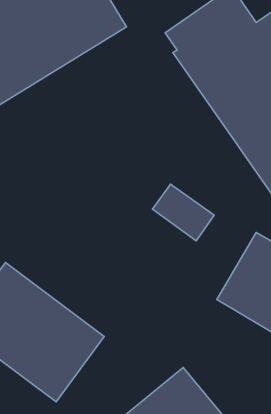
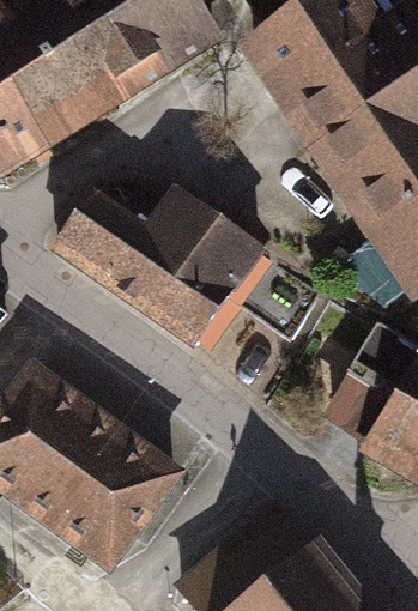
building: none -> [60,199,256,346]

